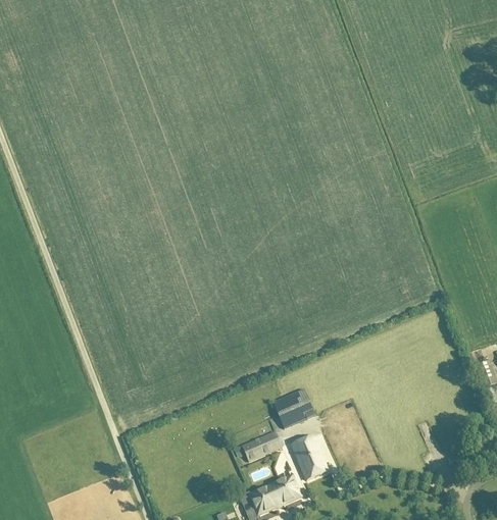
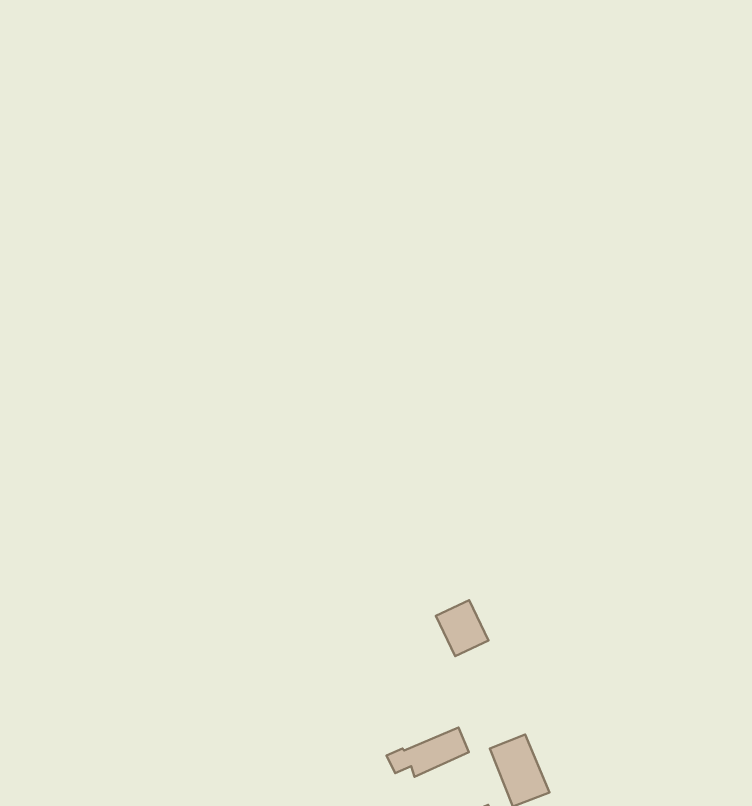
building: [275,394,305,426] -> [436,600,489,656]

